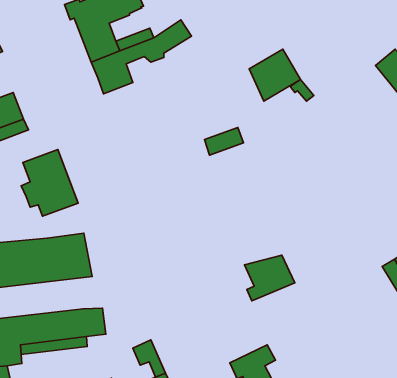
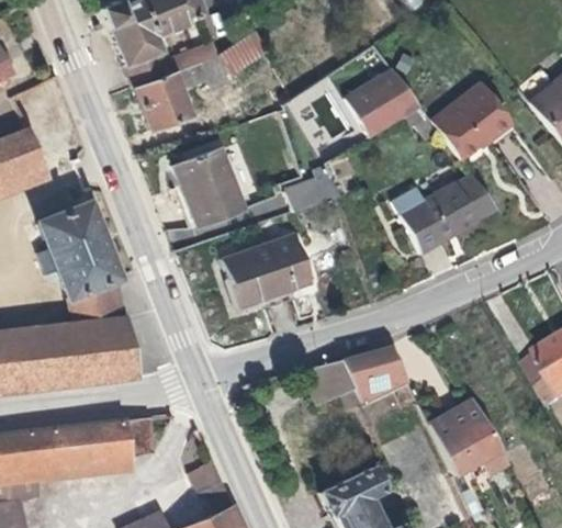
building: none -> [430,83,514,161]
building: none -> [175,149,245,226]
building: none -> [391,175,495,251]
building: none -> [218,234,312,308]
building: none -> [69,277,125,324]
building: none -> [304,360,355,404]
building: none -> [430,401,510,478]

